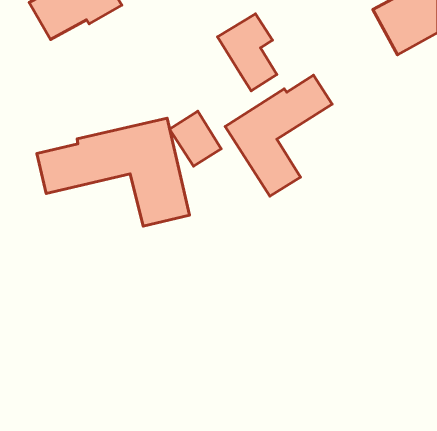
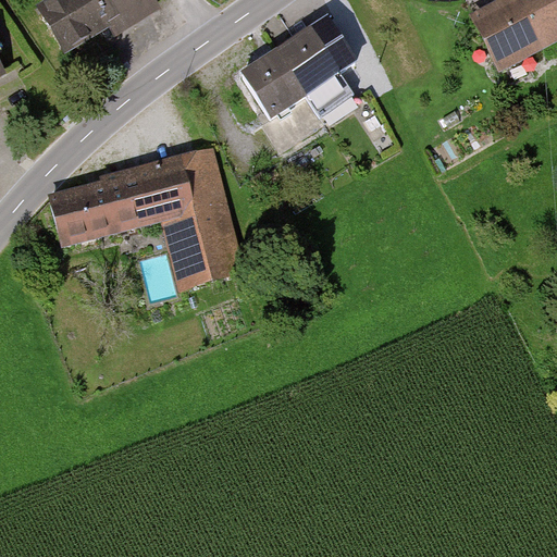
building: [225,75,332,196] -> none
building: [170,111,221,166] -> [242,47,307,116]

